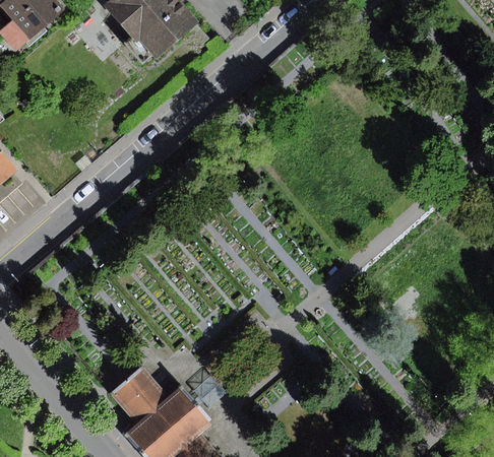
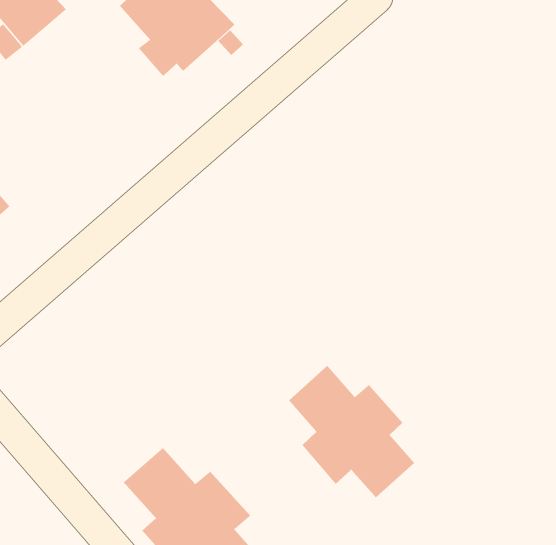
building: none -> [288,365,415,498]

